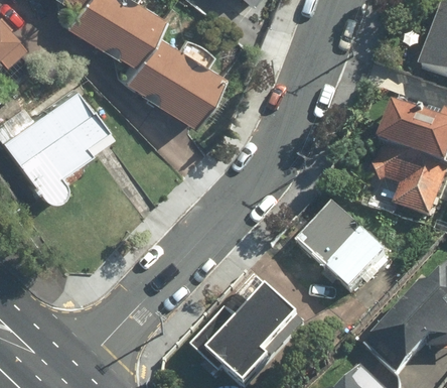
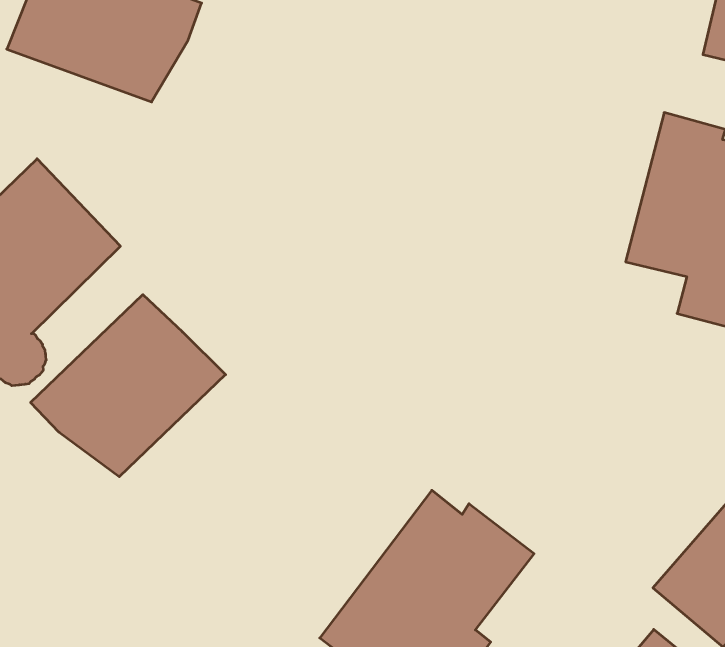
building: [125,35,224,123] -> none
building: none -> [31,295,226,477]
building: [295,202,390,294] -> none

